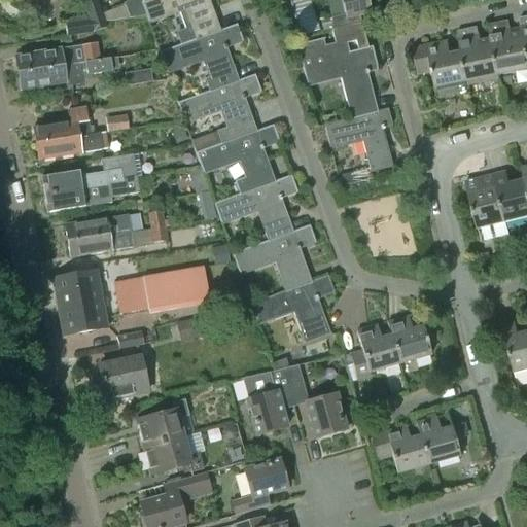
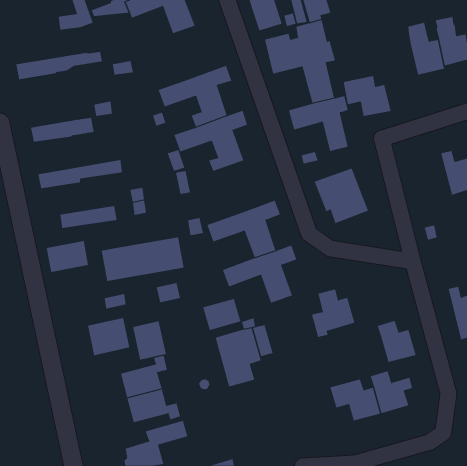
building: [161,23,244,89] -> none
building: [415,40,469,86] -> [343,75,391,117]
building: [16,43,101,72] -> none
building: [34,107,91,143] -> none
building: [41,153,142,196] -> none
building: [215,174,298,240] -> none
building: [468,176,508,226] -> none
building: [66,215,131,241] -> none
building: [59,297,107,335] -> none
building: [388,312,432,362] -> [377,317,416,362]
building: none -> [202,298,241,331]
building: none -> [132,321,166,361]
building: [308,392,347,437] -> none
building: [234,458,289,514] -> none

